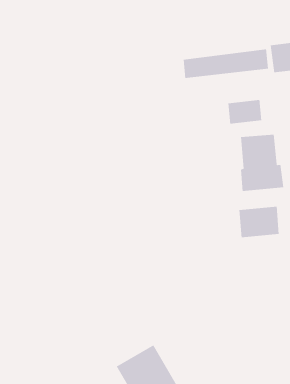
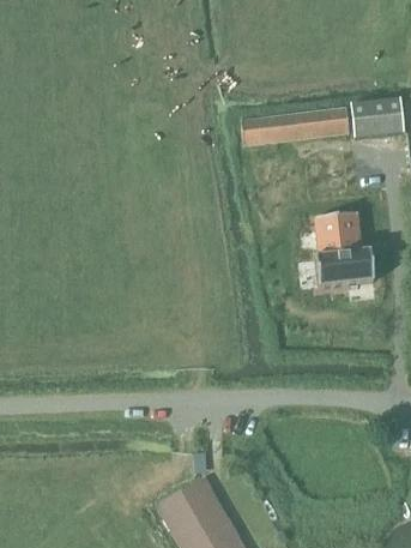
building: [228,99,262,124] -> none
building: [239,206,279,238] -> none

